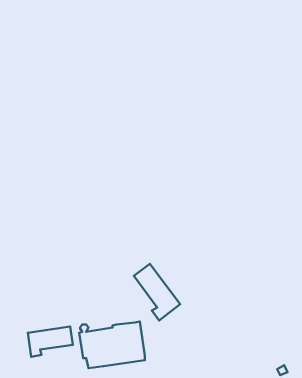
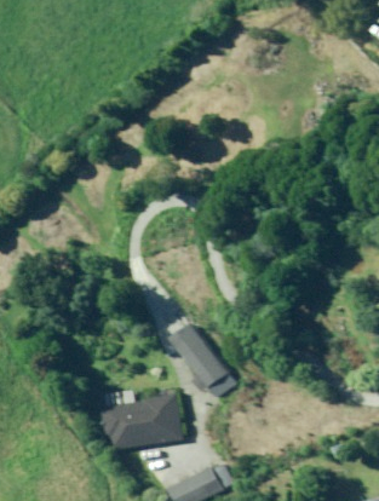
building: [28,327,73,357] -> none

